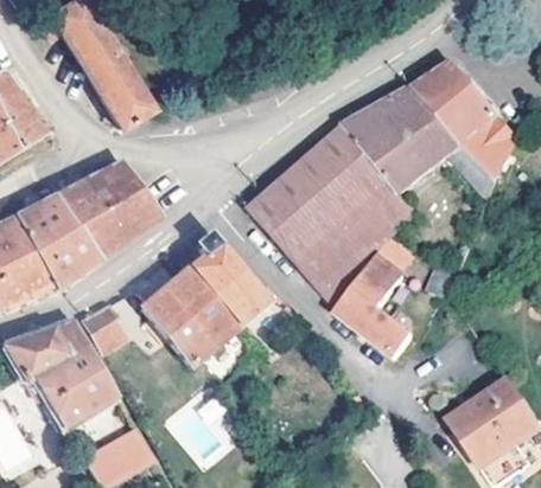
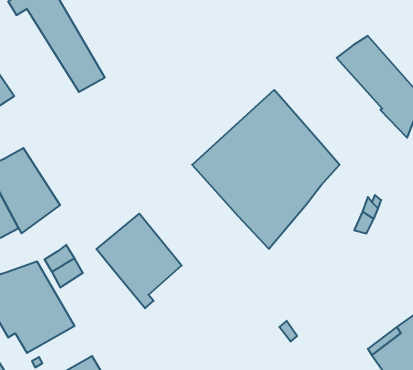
building: [344,86,496,198] -> none
building: [58,161,160,257] -> none
building: [190,237,276,326] -> none
building: [335,256,414,358] -> none

